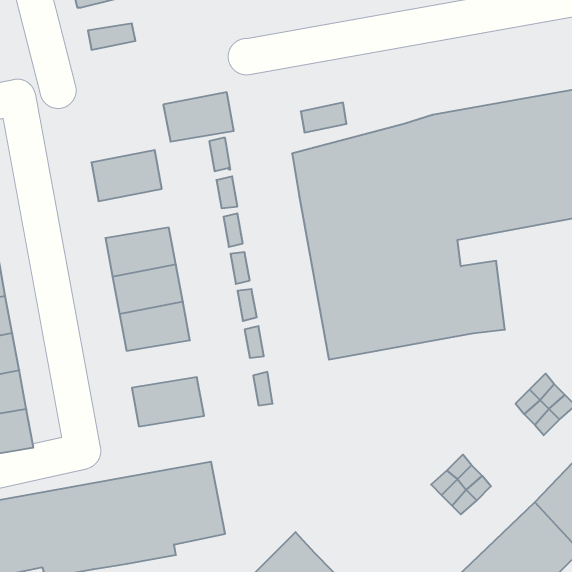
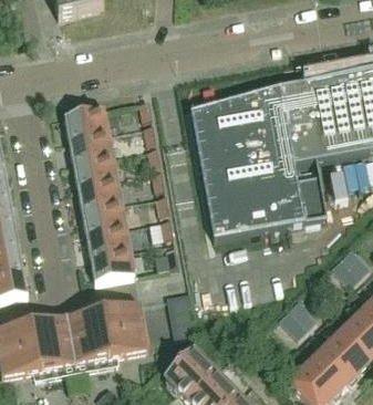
building: [163,92,234,142] -> [69,129,113,160]
building: none -> [86,225,131,255]
building: none -> [166,291,195,333]

